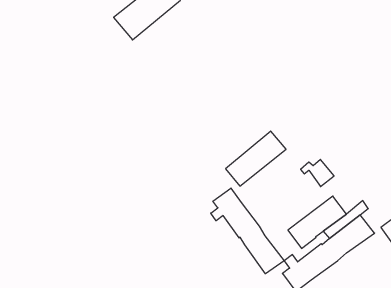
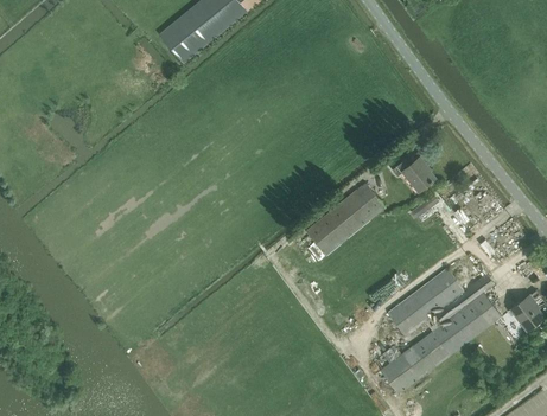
building: [301,159,334,187] -> [393,156,437,192]
building: [211,188,284,274] -> none

